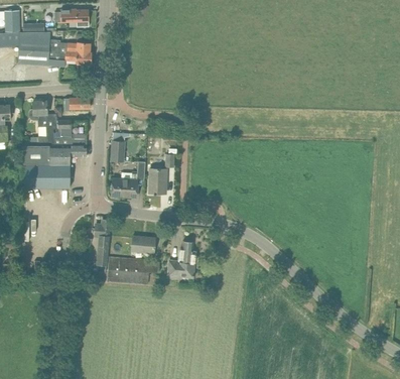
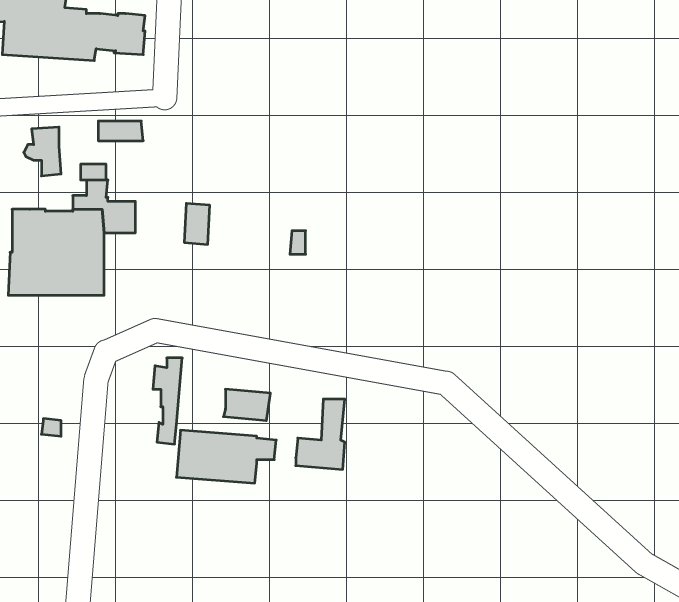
building: [111,160,145,197] -> none
building: [149,167,166,194] -> none

